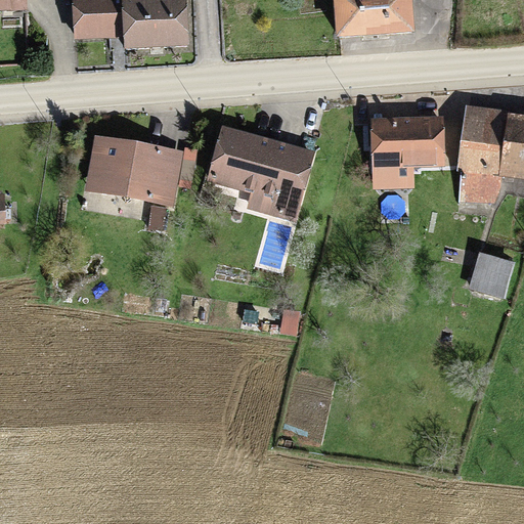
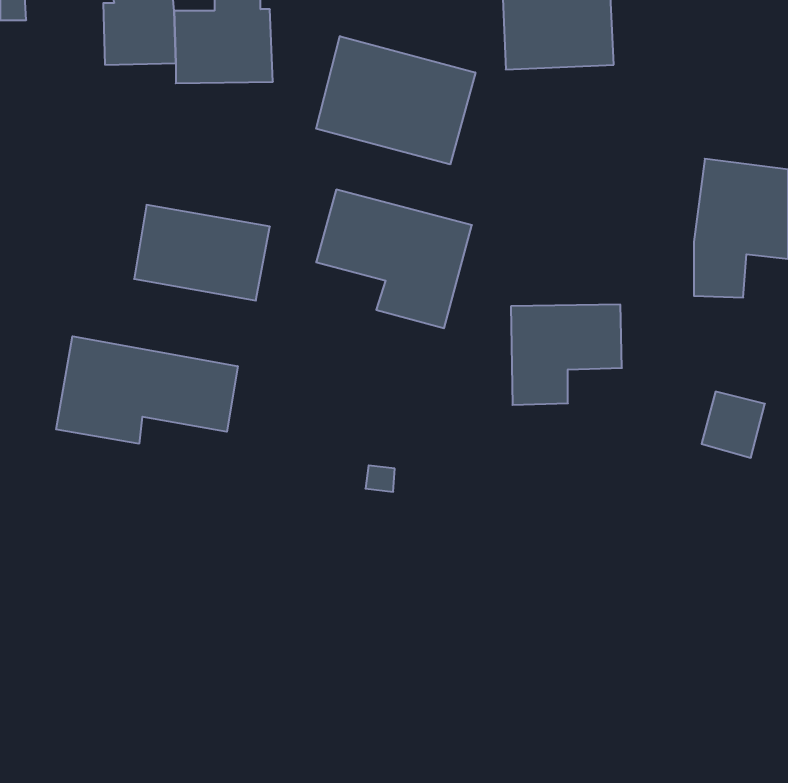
building: none -> [316,36,475,164]
building: [374,117,447,183] -> [511,305,622,405]
building: none -> [56,336,238,444]

